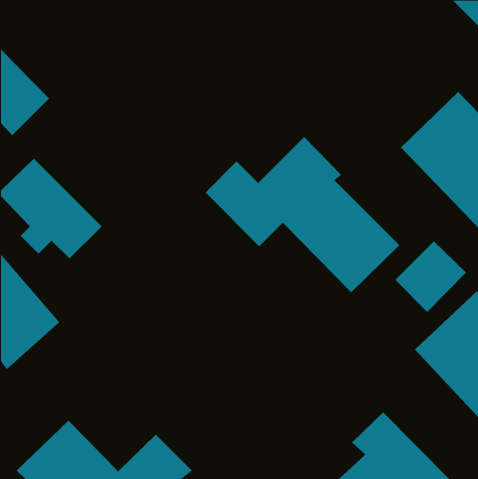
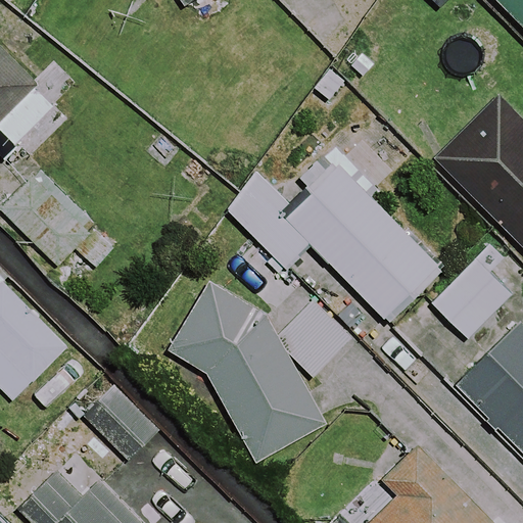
building: none -> [168,275,348,458]

